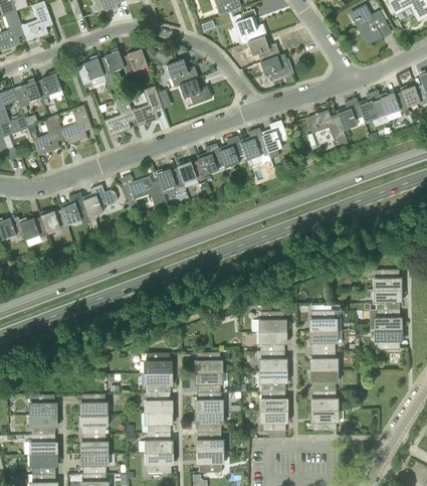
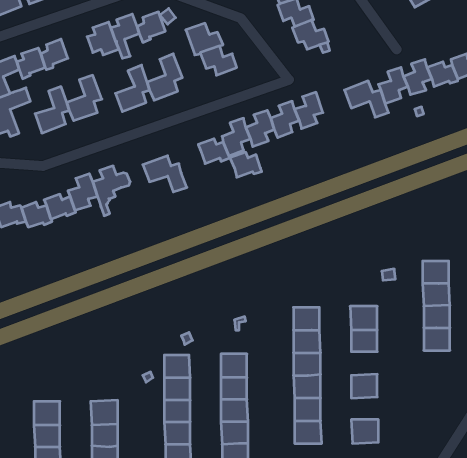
building: [156,169,184,191] -> [230,152,262,177]
building: [312,350,336,371] -> none
building: [312,390,337,411] -> none

